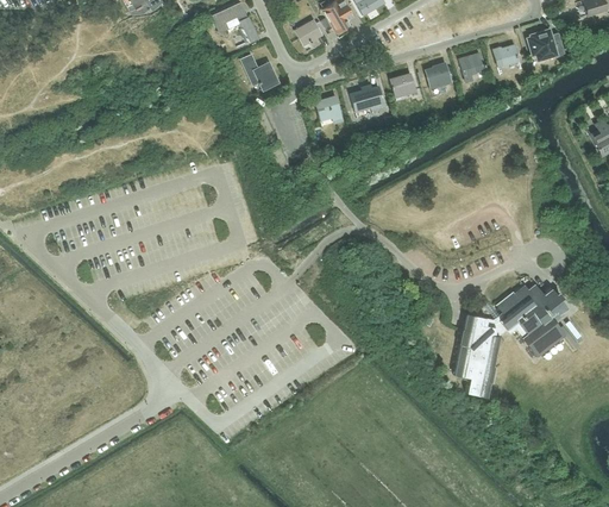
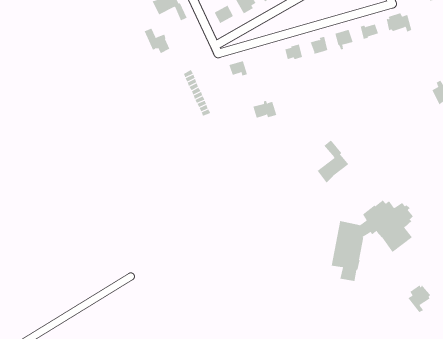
building: [241,54,277,89] -> [144,28,170,54]
building: [351,84,384,109] -> [253,100,277,119]
building: none -> [317,140,349,183]
building: none -> [408,285,431,313]

